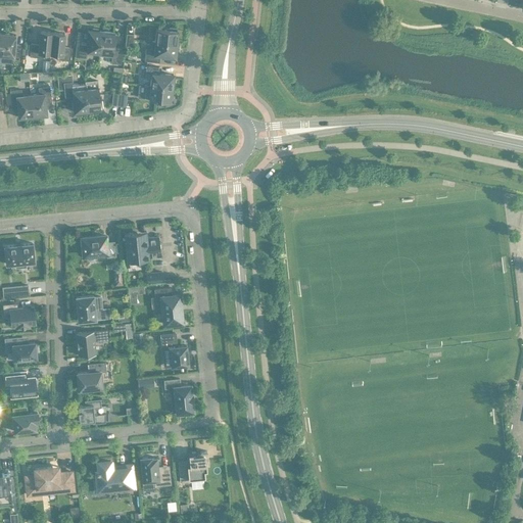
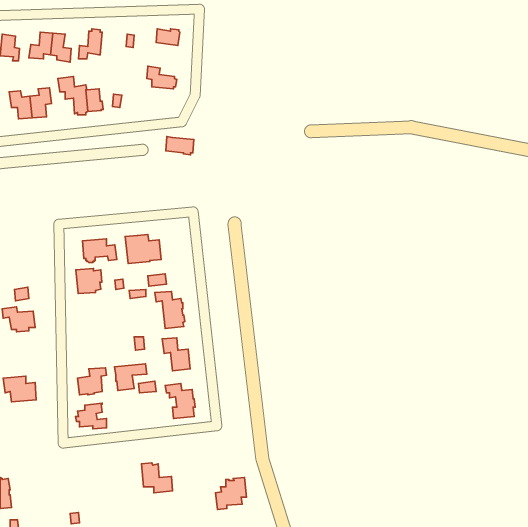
building: [98,33,122,65] -> none
building: [144,43,178,63] -> none
building: [144,86,172,104] -> [166,136,194,155]
building: [4,244,34,269] -> none
building: [76,297,101,322] -> [76,269,102,293]
building: [76,331,107,358] -> [115,364,147,391]
building: [4,339,37,361] -> none
building: [12,408,38,433] -> none
building: [178,453,208,484] -> [215,477,246,509]
building: [94,463,134,493] -> none
building: [26,468,73,496] -> none

